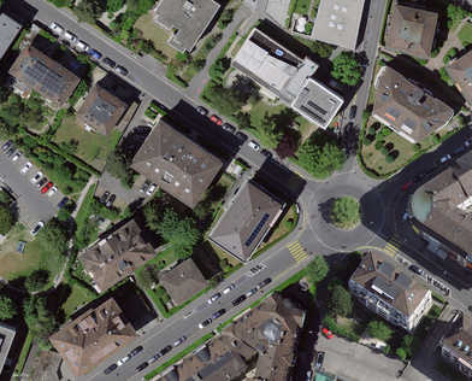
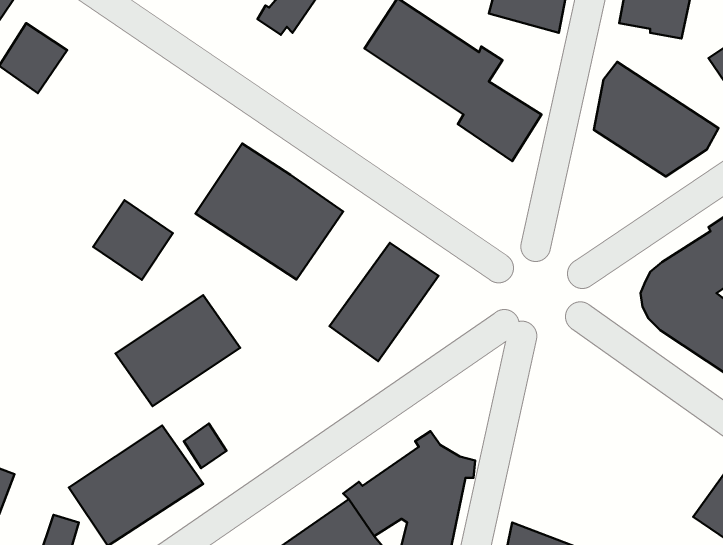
building: [33,60,77,104] -> none
building: [77,82,126,131] -> [93,200,173,280]
building: [161,257,206,299] -> none
building: [352,258,430,328] -> none

